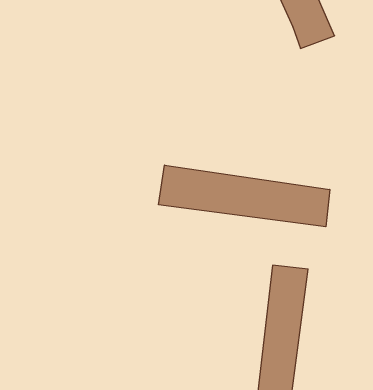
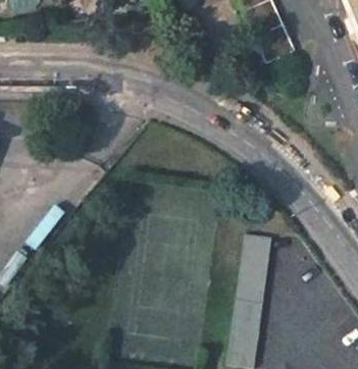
building: [159,165,330,227] -> none

